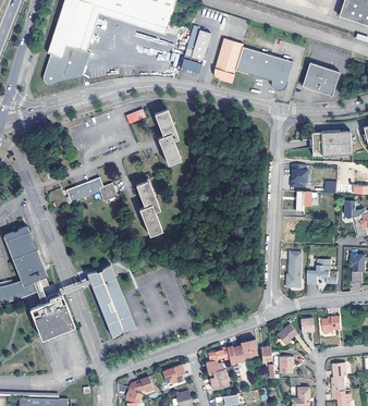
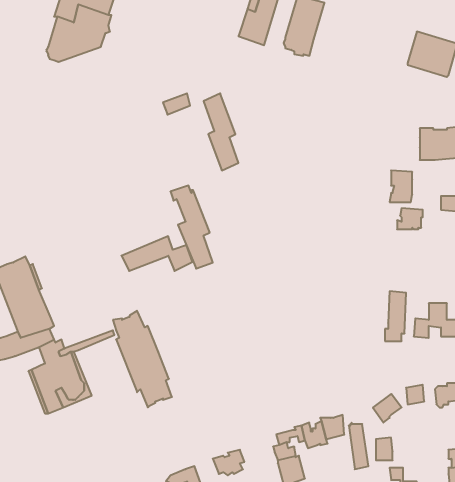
building: [234,46,292,89] -> none
building: [65,176,116,201] -> [121,236,192,271]

